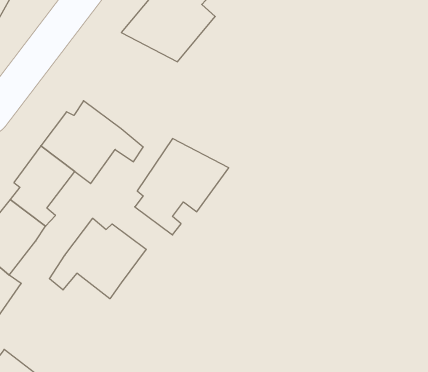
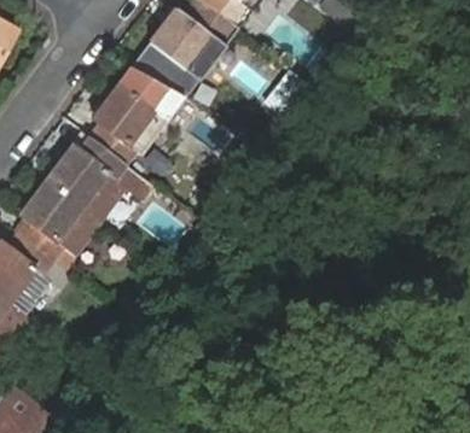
building: [135,139,229,235] -> [91,68,184,163]
building: [49,218,146,299] -> none

